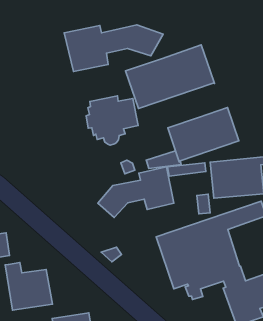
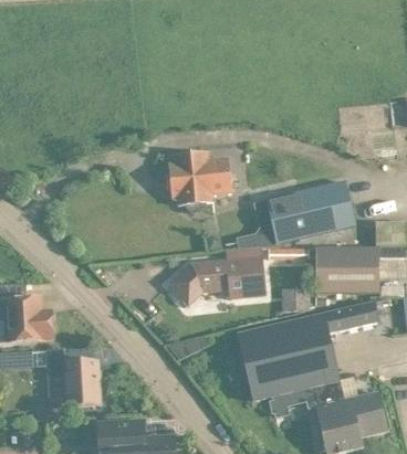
building: [64,25,163,71] -> none
building: [126,45,215,109] -> none

